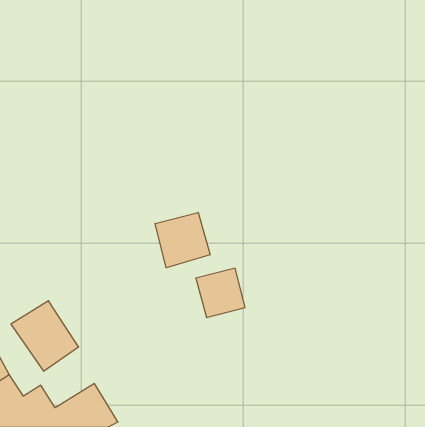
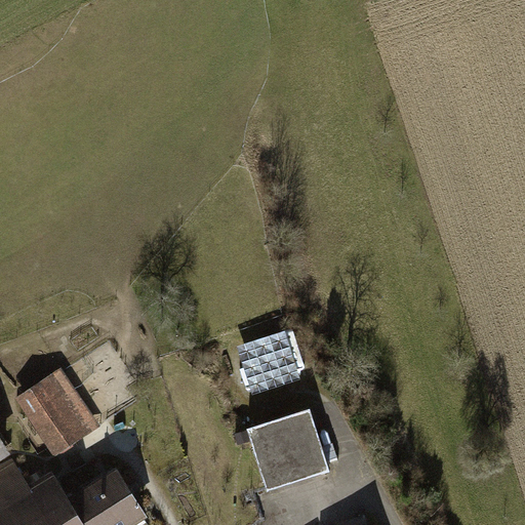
building: [155,212,210,268] -> none
building: none -> [247,410,328,492]

